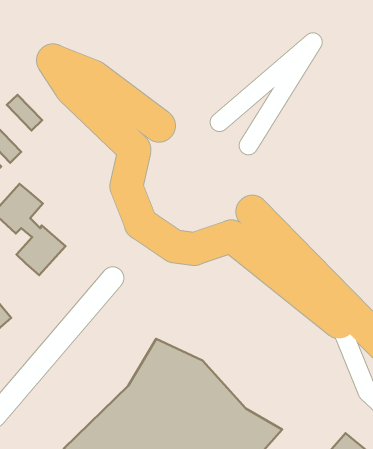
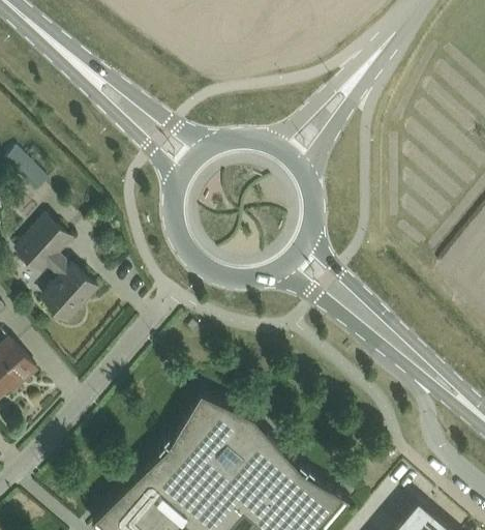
building: [7,95,42,130] -> none

